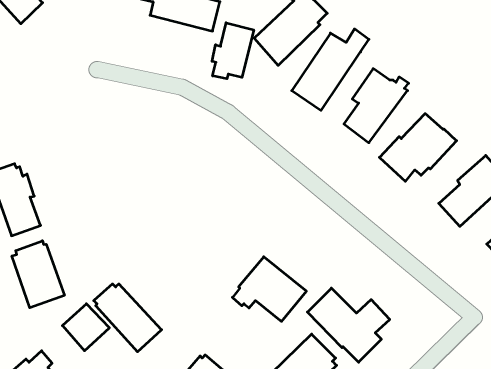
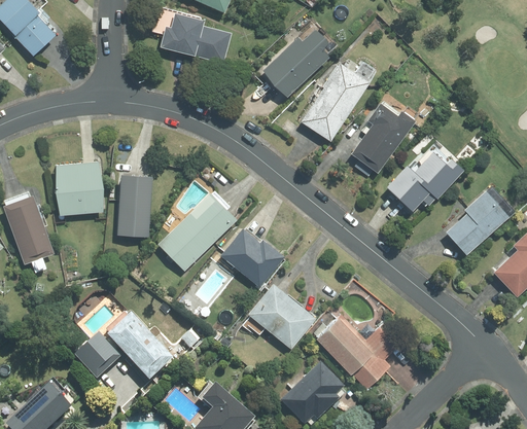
building: [212,23,254,79] -> none
building: none -> [56,163,102,215]
building: none -> [117,176,151,237]
building: none -> [157,192,236,271]
building: none -> [220,228,284,287]
building: [12,241,64,308] -> none

